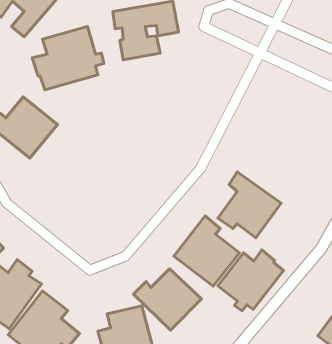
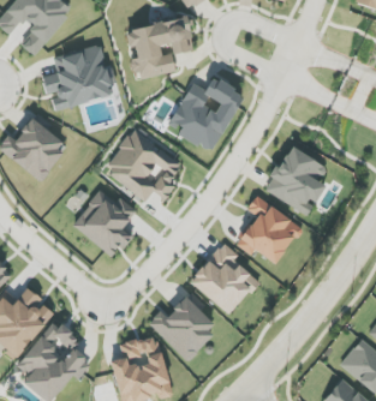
building: none -> [168,77,244,151]
building: none -> [105,127,184,199]
building: none -> [265,144,328,214]
building: none -> [72,190,137,257]
building: [218,250,283,311] -> none

